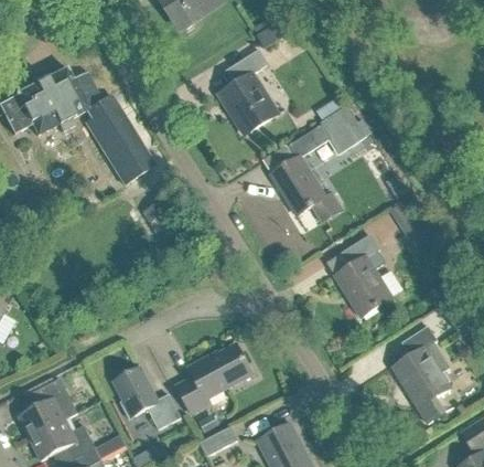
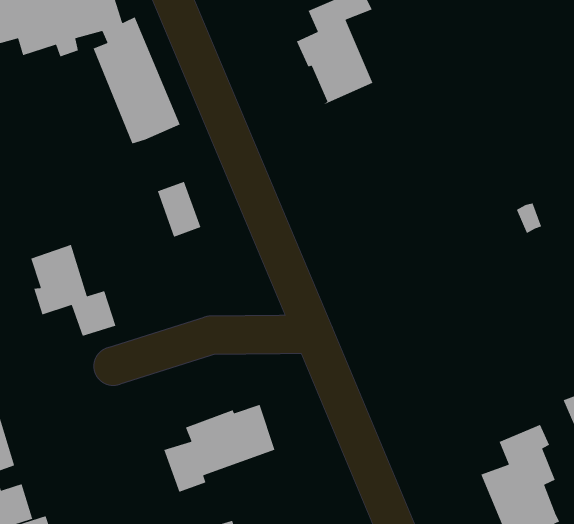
building: [271,107,363,221] -> none
building: [334,233,392,316] -> none
building: [114,365,180,427] -> [30,244,117,337]

